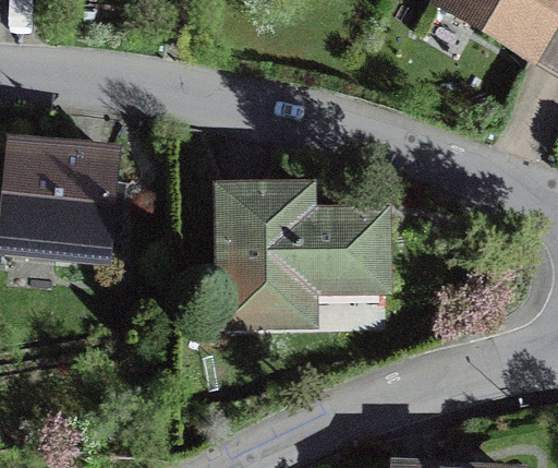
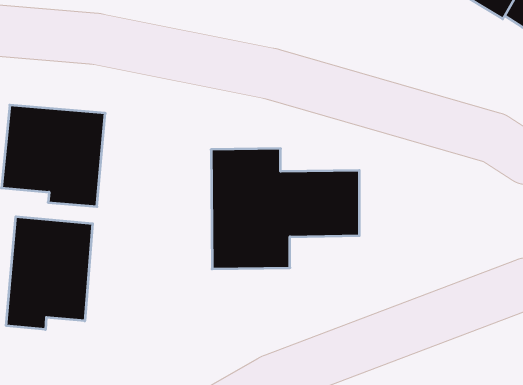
building: none -> [6,217,93,330]

